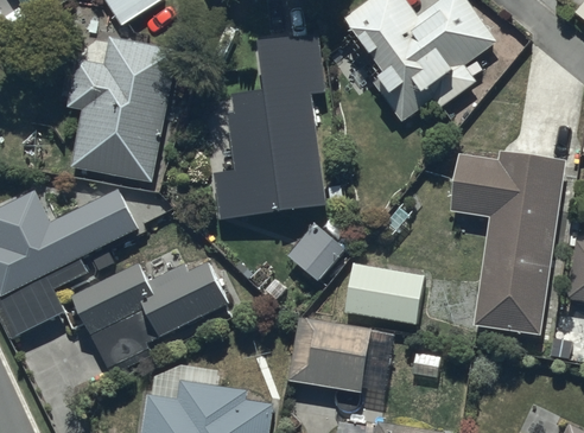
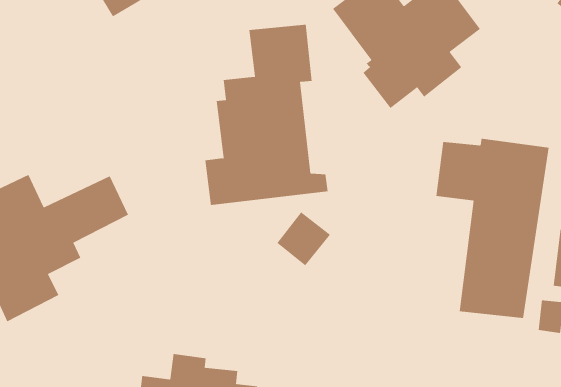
building: [69,36,178,183] -> none
building: [74,262,228,369] -> none
building: [347,265,424,323] -> none
building: [287,300,369,390] -> none

